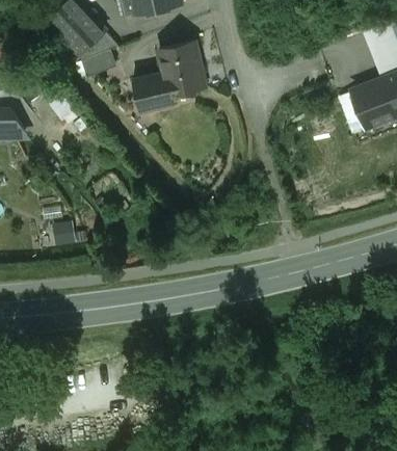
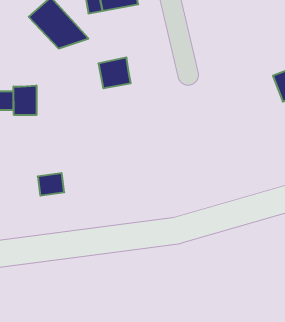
building: [161,44,203,96] -> none
building: none -> [14,85,36,115]

